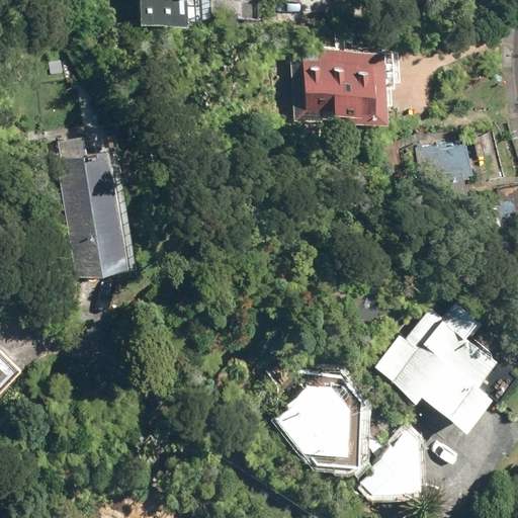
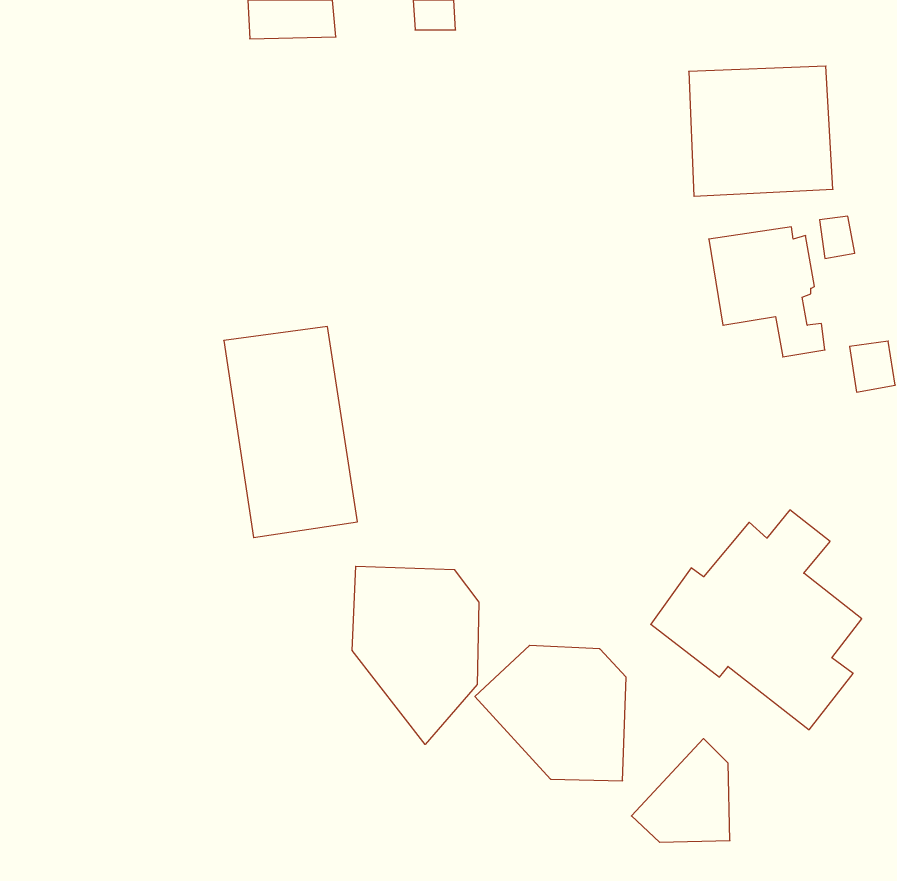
building: [305,48,387,122] -> [689,66,833,196]
building: [48,141,124,262] -> [224,327,357,538]
building: none -> [352,566,479,744]

